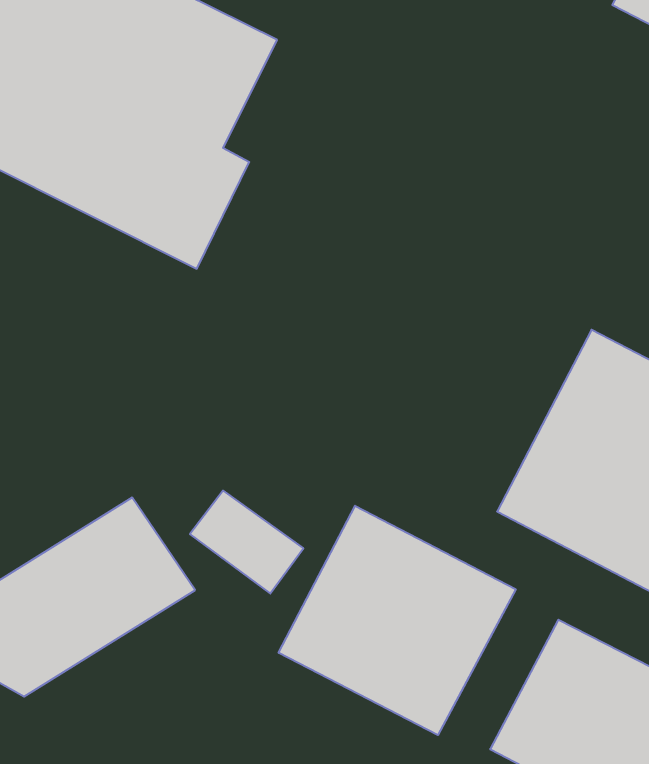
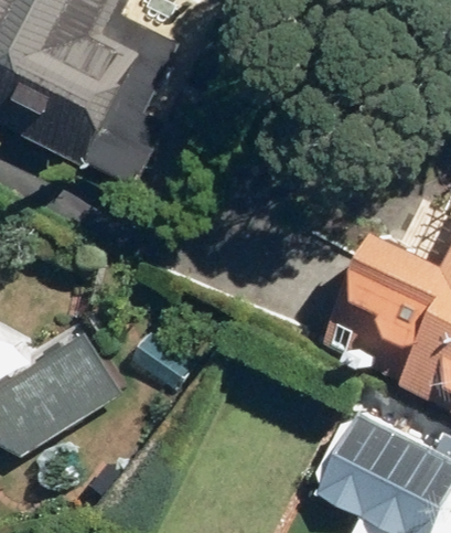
building: [279,506,516,735] -> none

